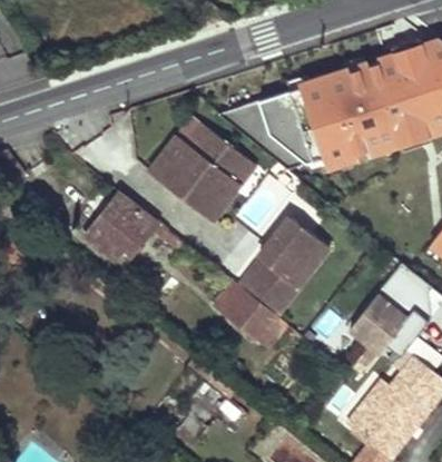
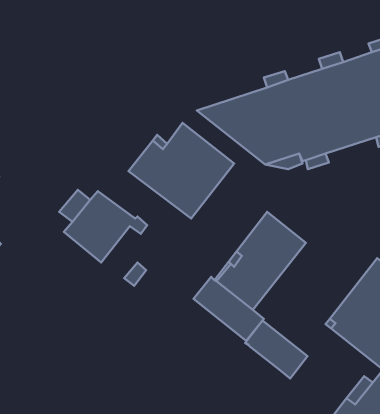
building: none -> [245,321,307,378]

